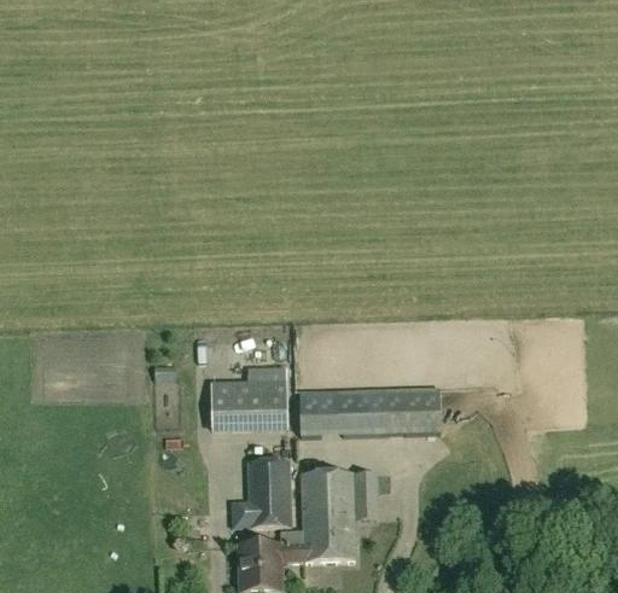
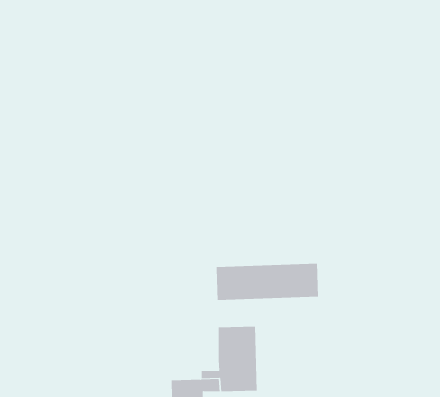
building: [210,379,287,434] -> none
building: [249,460,292,525] -> none

